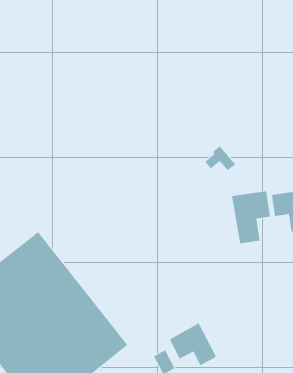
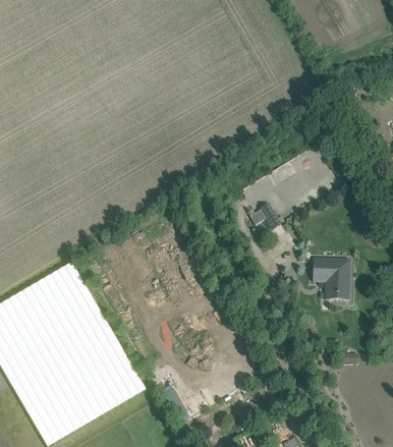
building: [232,190,271,244] -> none
building: [169,322,217,366] -> none

